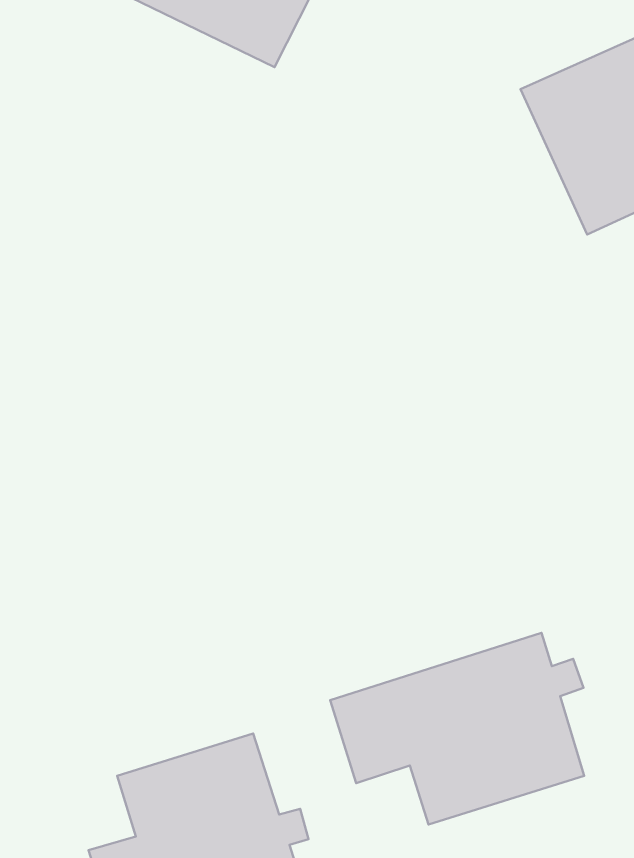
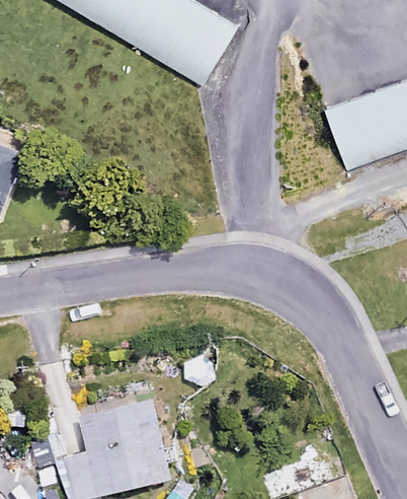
building: [330,633,584,824] -> none

